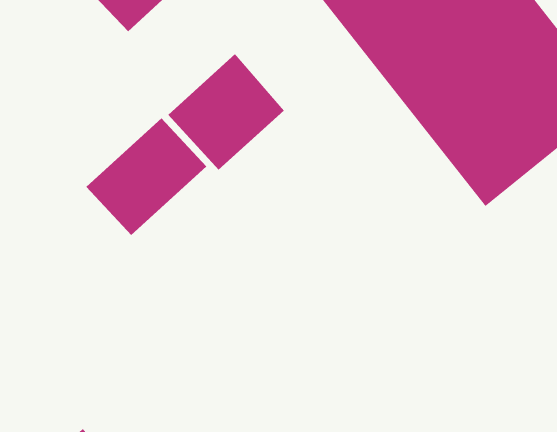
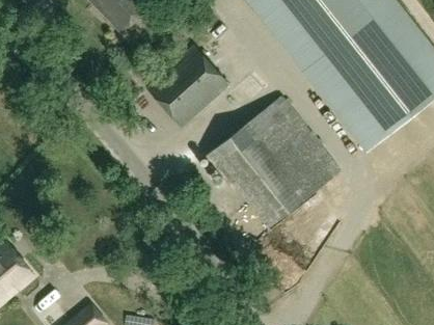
building: [86,117,207,236] -> none
building: none -> [207,97,341,228]

